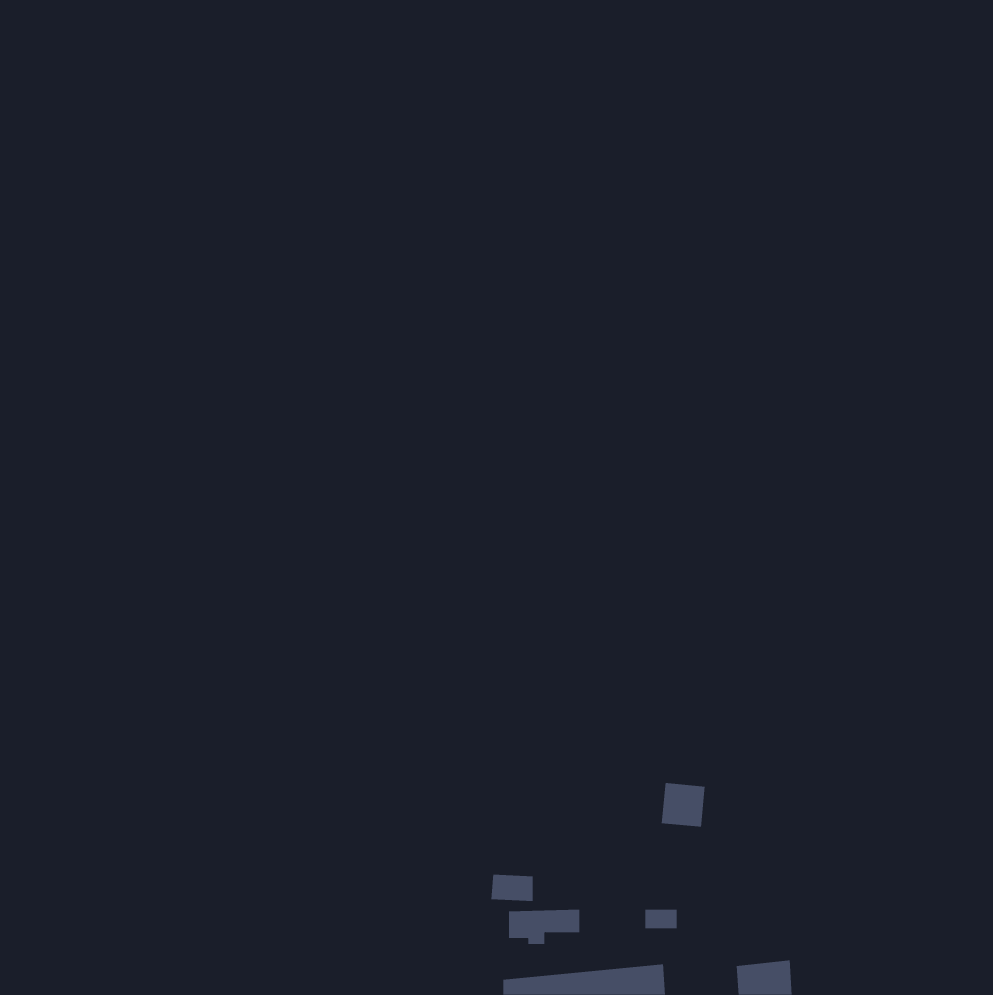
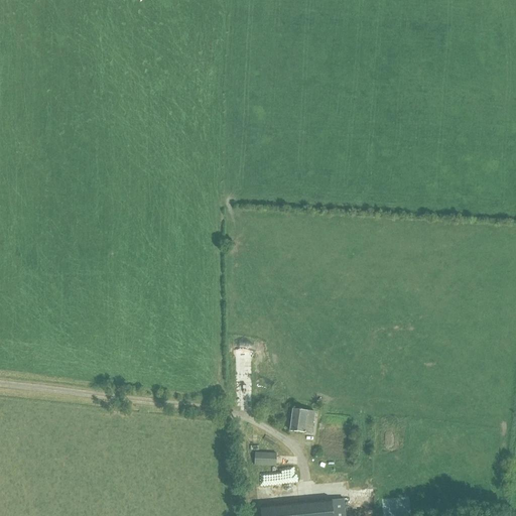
building: [661,783,706,827] -> [290,410,313,433]

